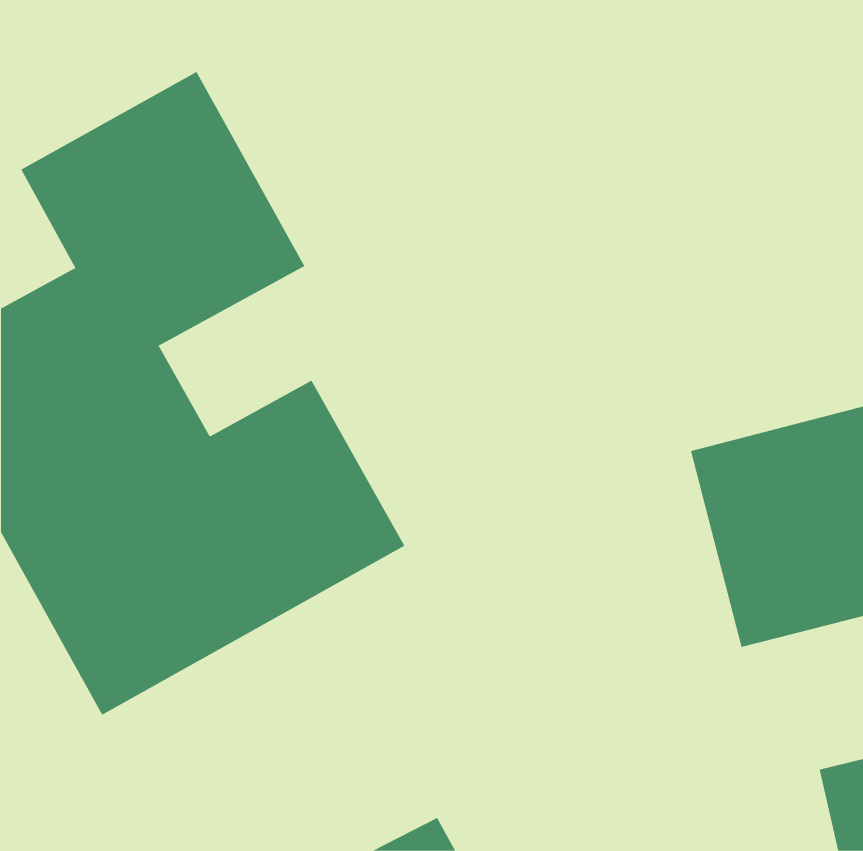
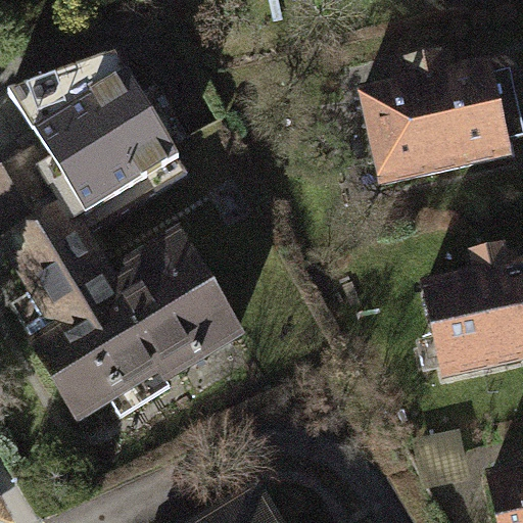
building: none -> [374,59,517,177]

